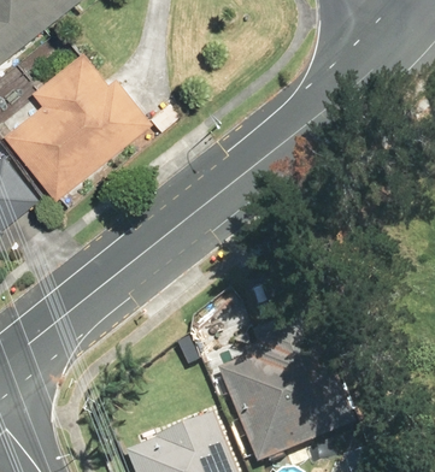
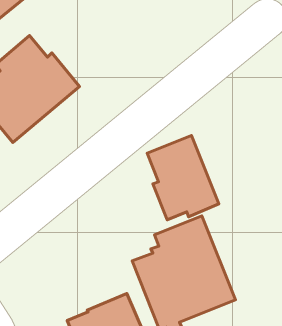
building: none -> [147,135,219,220]

